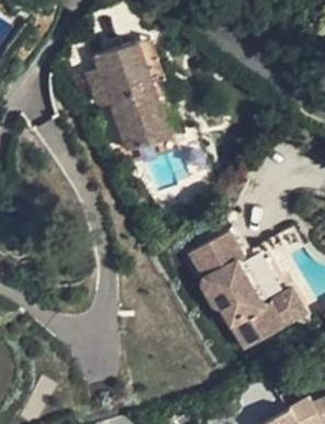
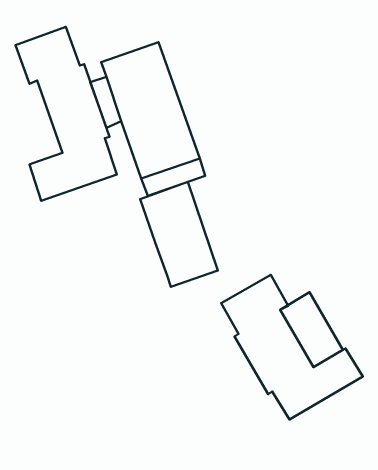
building: none -> [16,27,117,201]
building: none -> [140,182,218,287]

